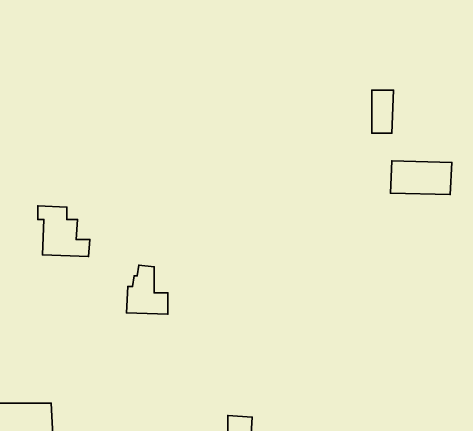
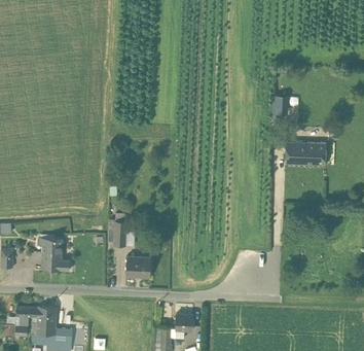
building: [38,206,90,256] -> [39,237,74,271]
building: none -> [126,257,152,277]

